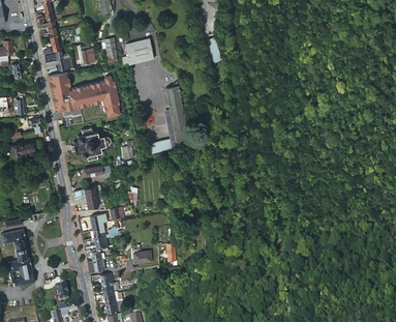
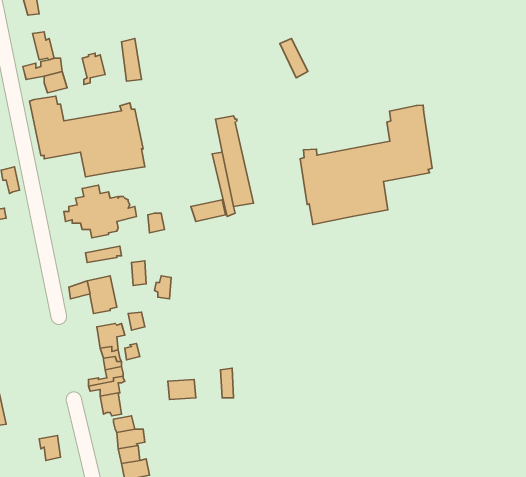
building: [125,37,152,60] -> none
building: none -> [300,105,432,224]

